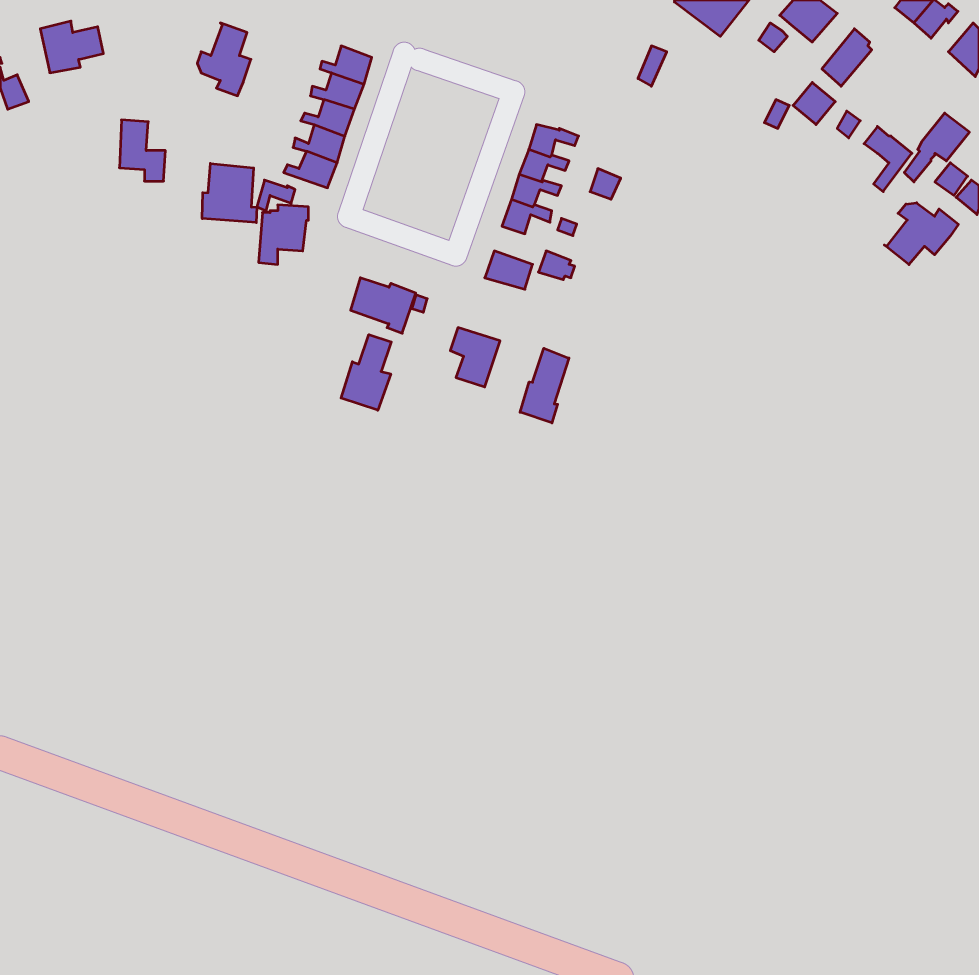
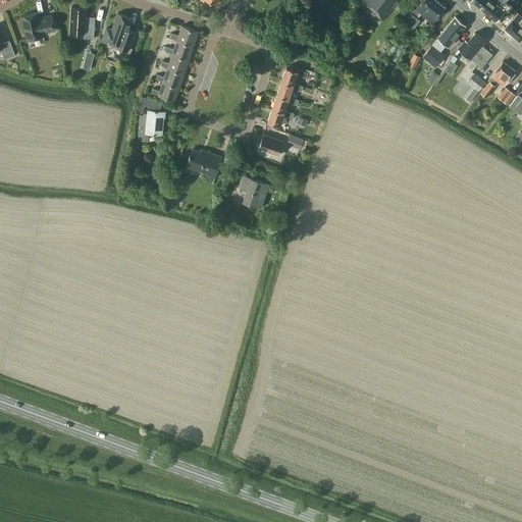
building: none -> [459,35,491,67]
building: [119,120,165,181] -> [70,7,95,40]
building: [202,163,257,223] -> none
building: [884,203,958,265] -> none
building: [341,335,391,410] -> none
building: [520,348,569,423] -> none

